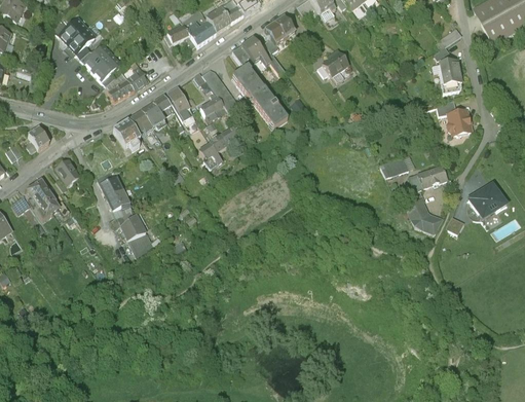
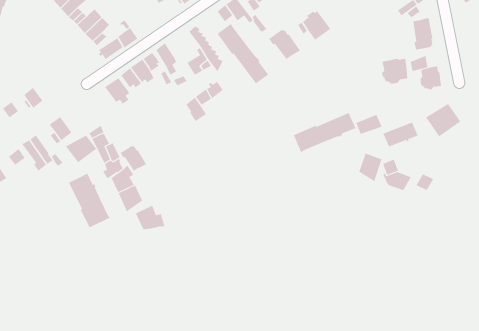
building: none -> [268,29,301,60]
building: none -> [381,58,408,85]
building: none -> [293,112,356,153]
building: none -> [65,135,97,163]
building: [466,187,504,223] -> [425,103,461,137]
building: none -> [120,145,147,171]
building: none -> [358,152,382,182]
building: none -> [68,173,111,228]
building: none -> [135,205,165,230]

